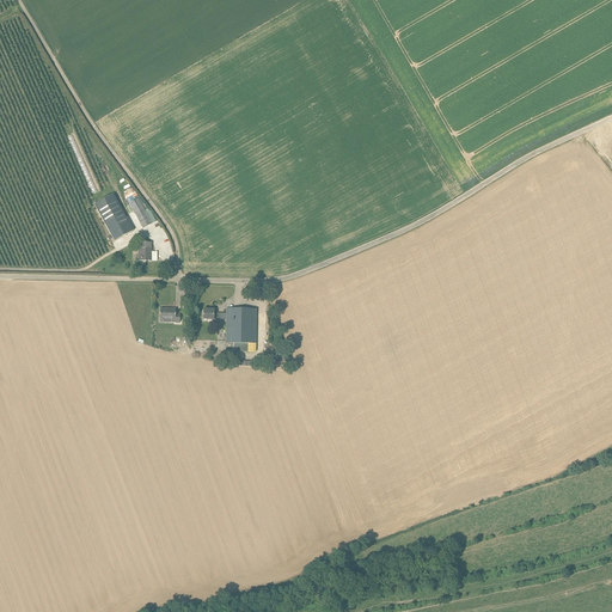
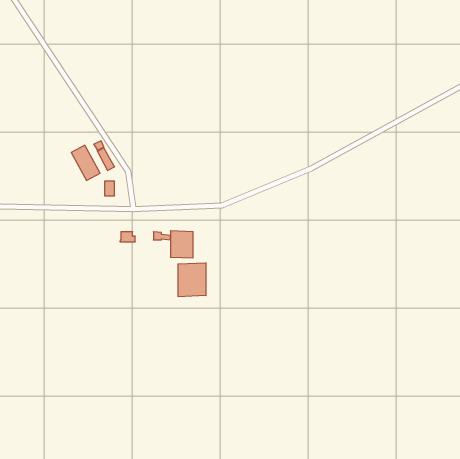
building: none -> [178,263,206,297]

